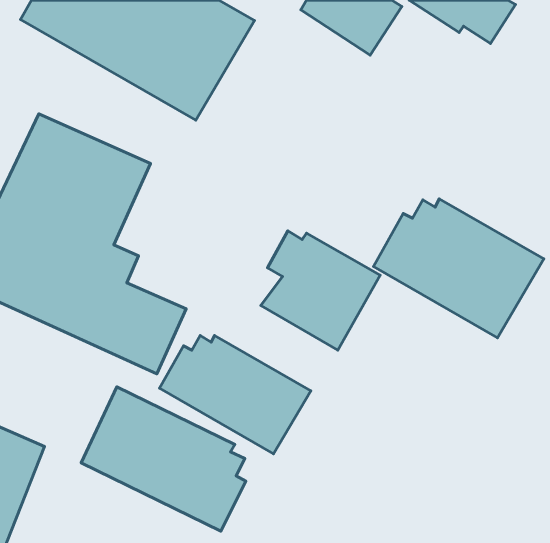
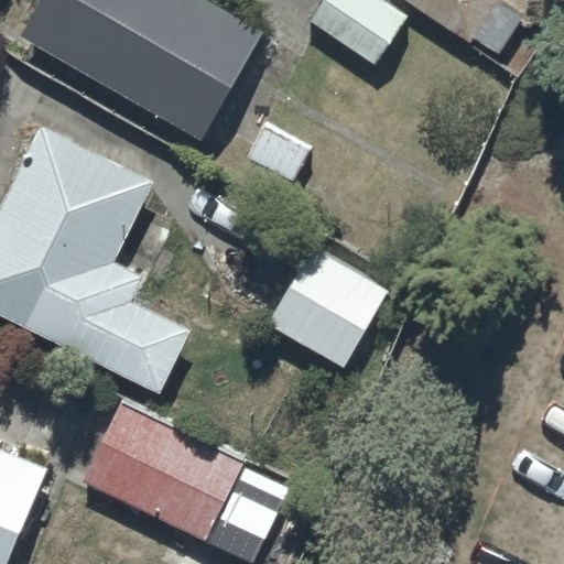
building: [374,199,544,338] -> none
building: [160,335,311,454] -> none

